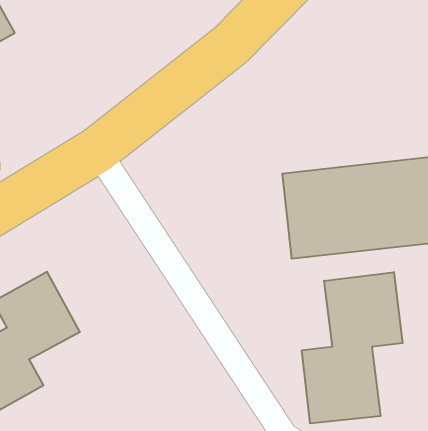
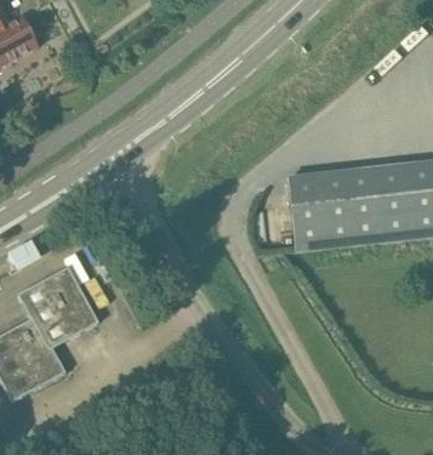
building: [302,272,402,423] -> none

